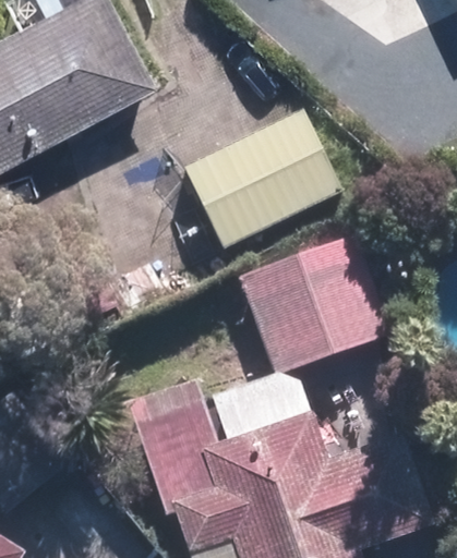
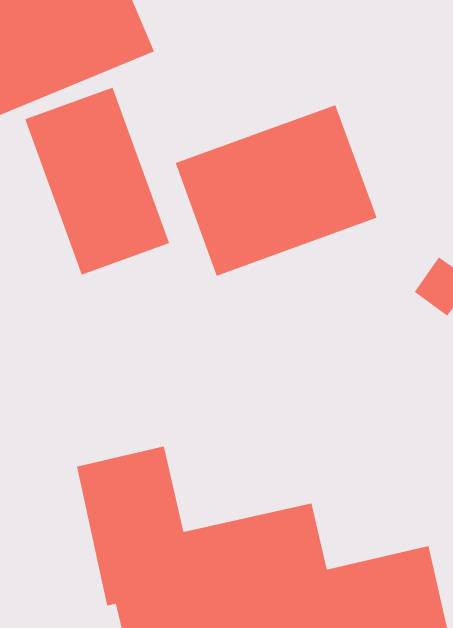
building: none -> [24,87,170,275]
building: [239,239,389,377] -> none

